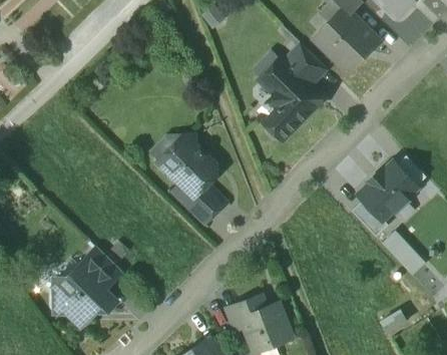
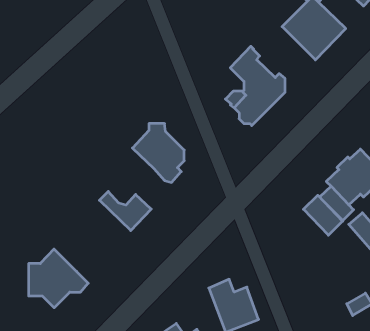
building: [283,43,327,90] -> none
building: [172,184,226,224] -> [99,191,151,231]
building: none -> [303,195,343,235]
building: [80,249,120,289] -> none

